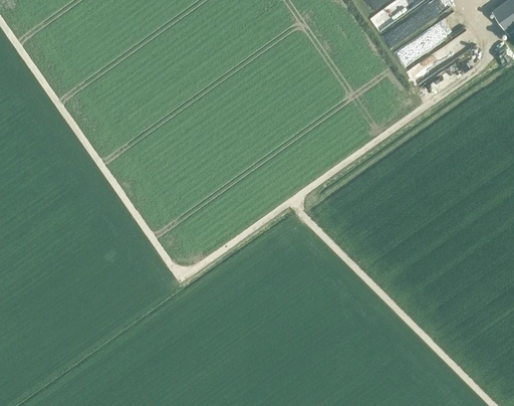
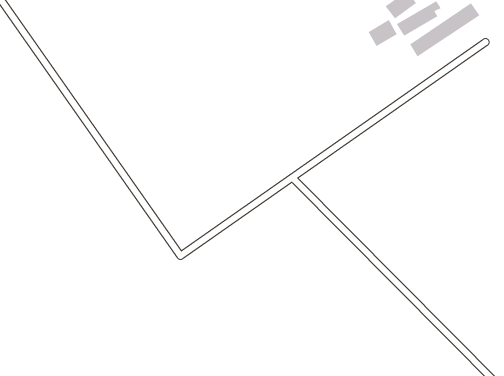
building: none -> [368,19,398,47]

